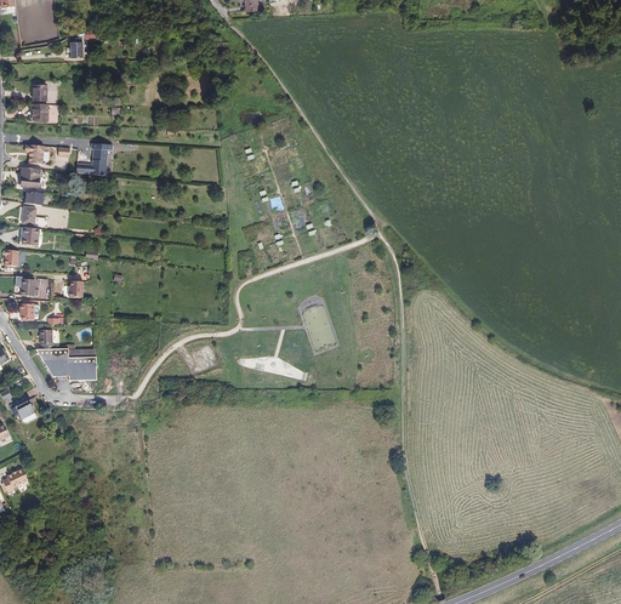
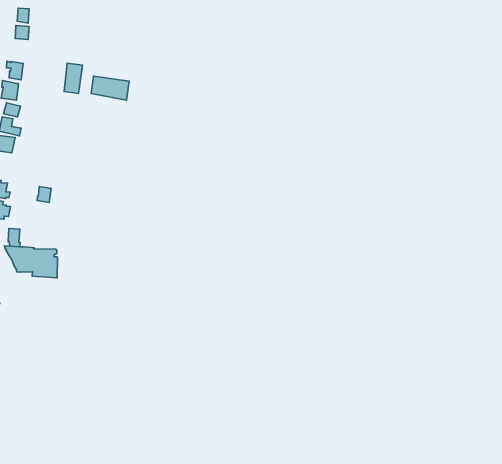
building: none -> [91,76,129,100]

